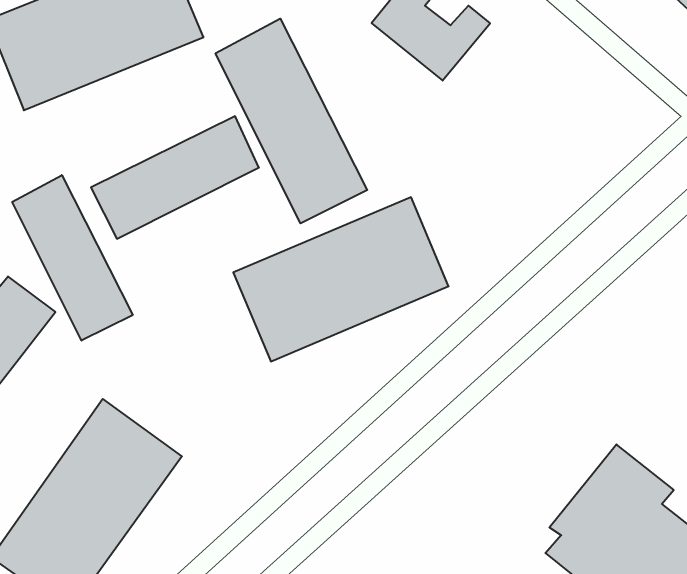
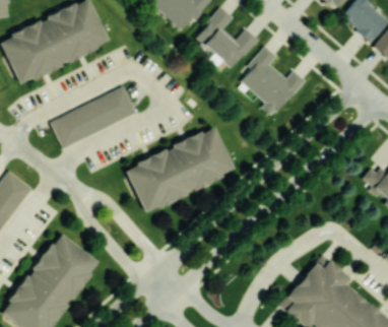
building: [216,19,367,223] -> none
building: none -> [241,46,305,117]
building: [12,175,133,341] -> none

